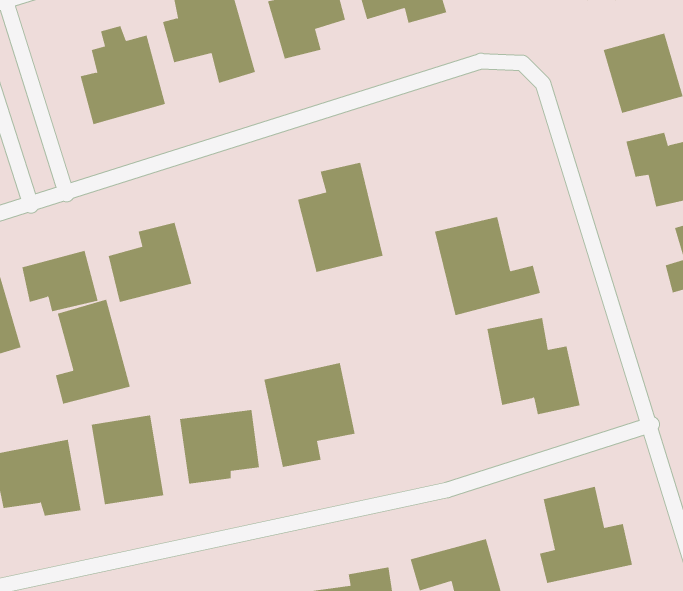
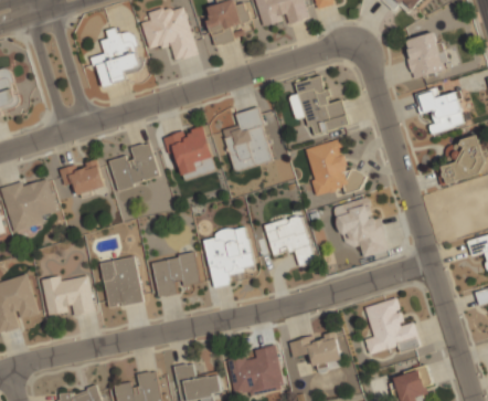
building: none -> [289,75,349,136]
building: none -> [165,126,215,178]
building: [55,299,130,405] -> none
building: none -> [264,214,314,266]

